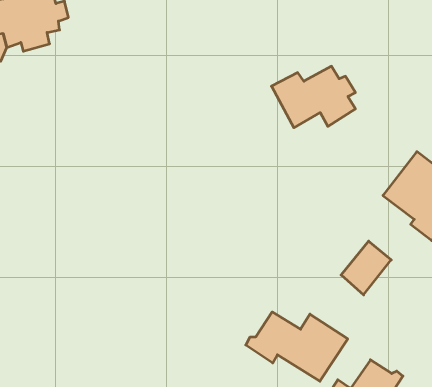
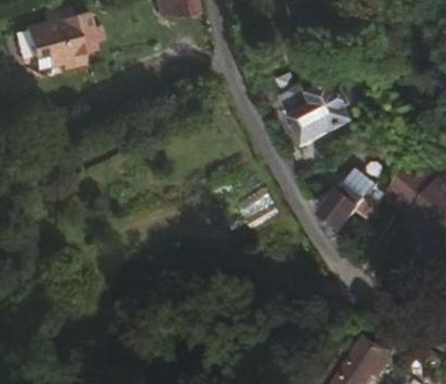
building: [341,241,391,295] -> [321,182,365,229]
building: [246,312,348,381] -> none

